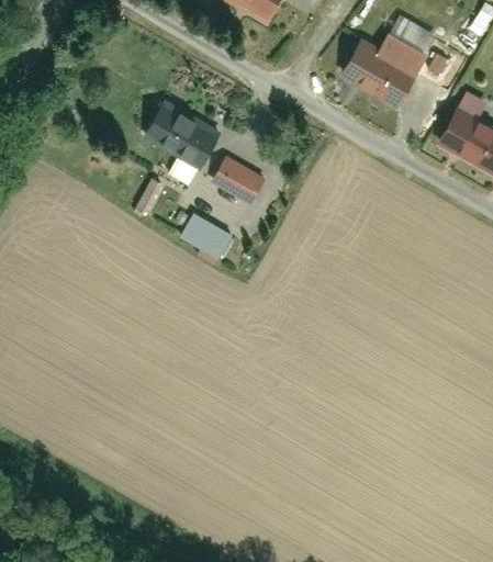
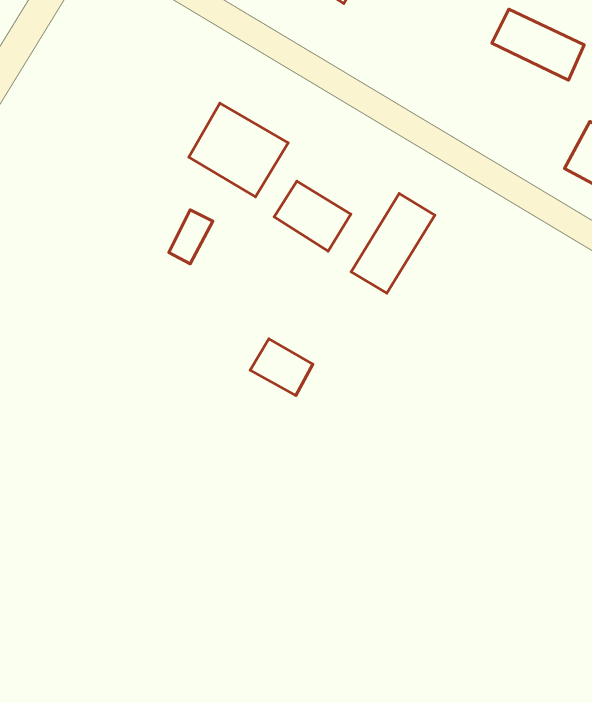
building: [343,42,411,102] -> none
building: none -> [351,194,435,293]
building: [181,212,229,256] -> [250,339,313,396]

